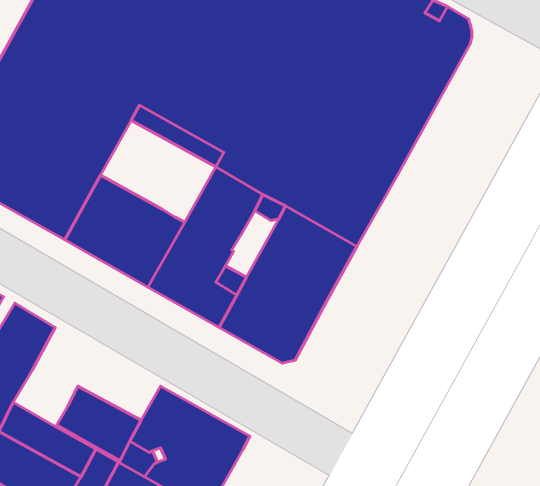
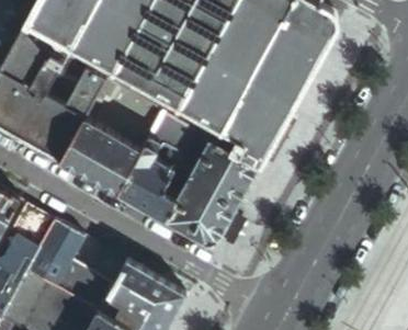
building: none -> [90,82,163,150]
building: none -> [26,221,83,288]

